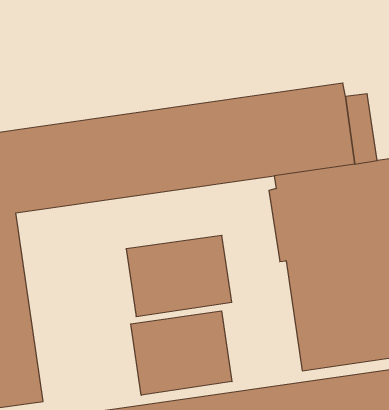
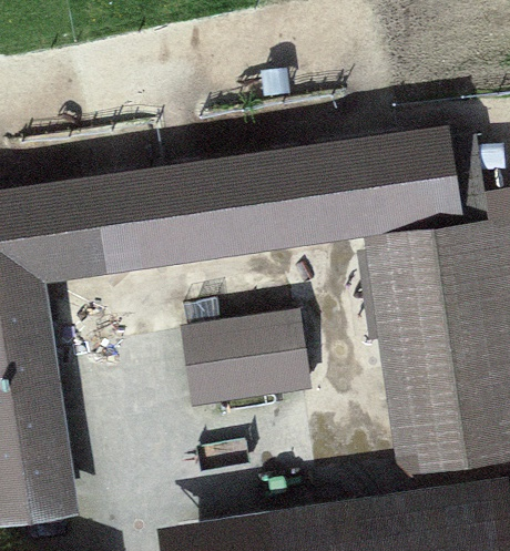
building: [131,311,232,395] -> none

